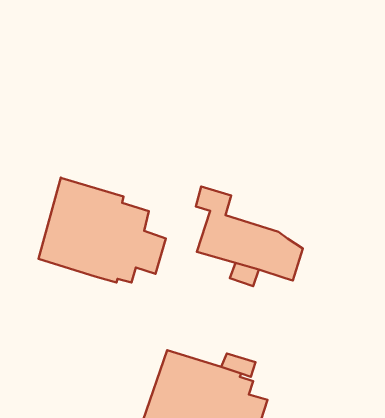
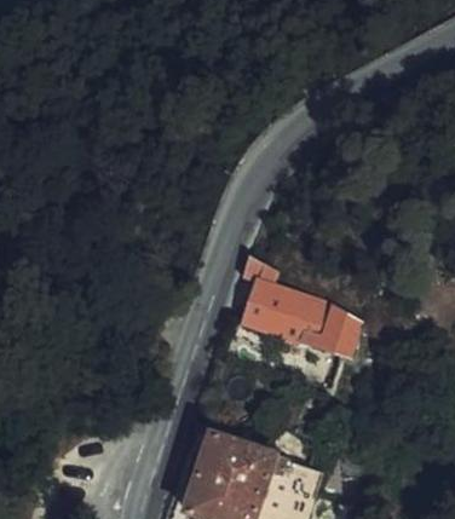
building: [38,178,166,283] -> none

